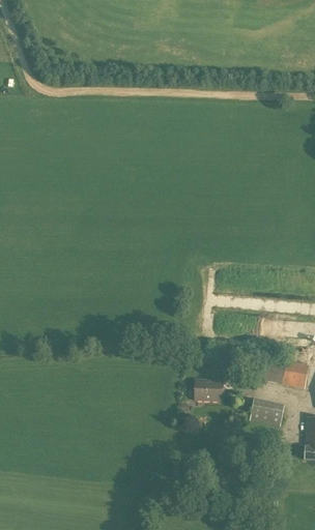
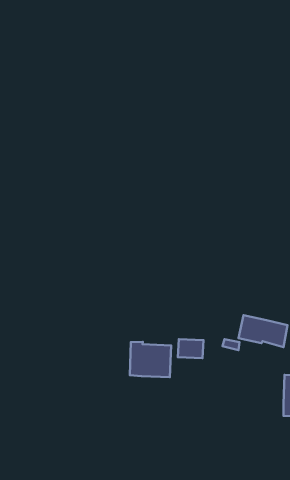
building: none -> [130,342,171,377]
building: [249,400,283,426] -> none

